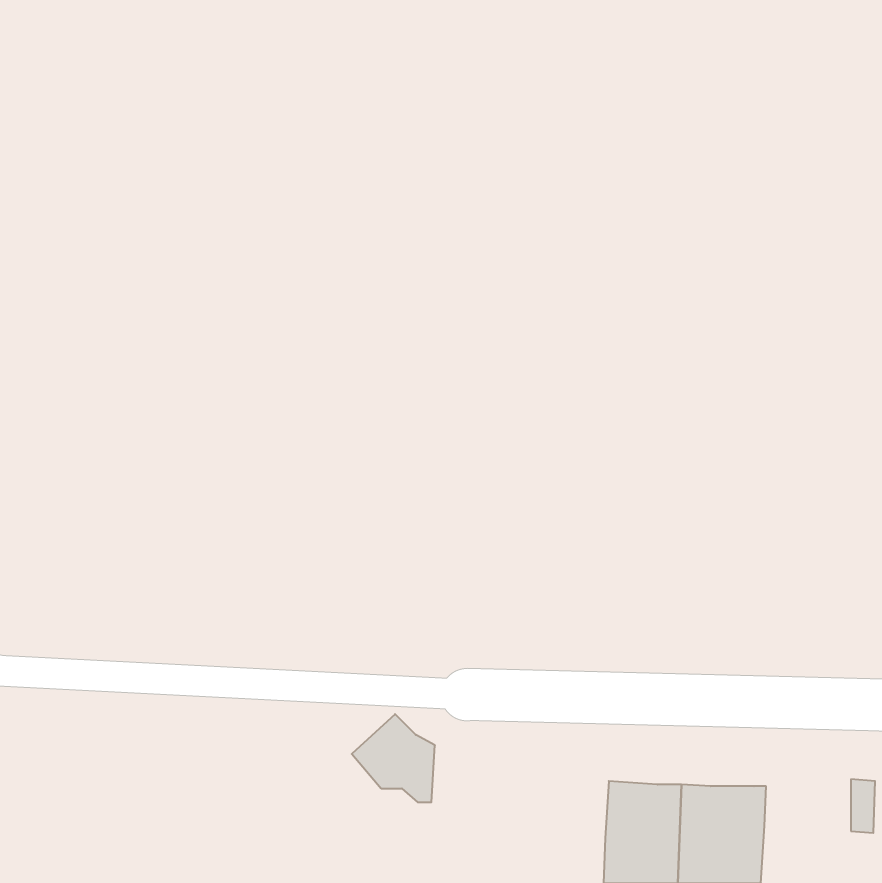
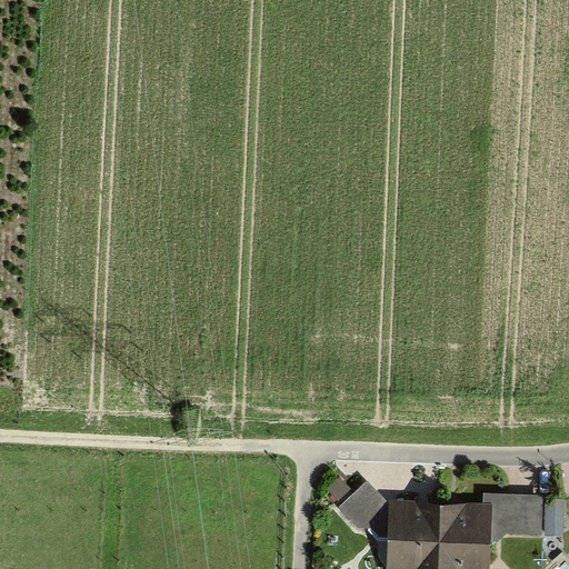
building: [352,714,435,802] -> [338,482,391,539]
building: none -> [485,495,539,532]

